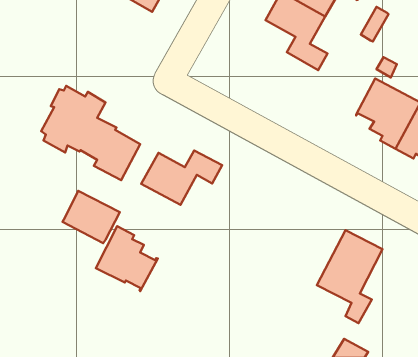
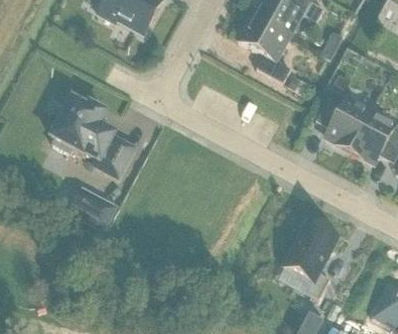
building: [141,151,222,205] -> none
building: [96,226,158,291] -> none

